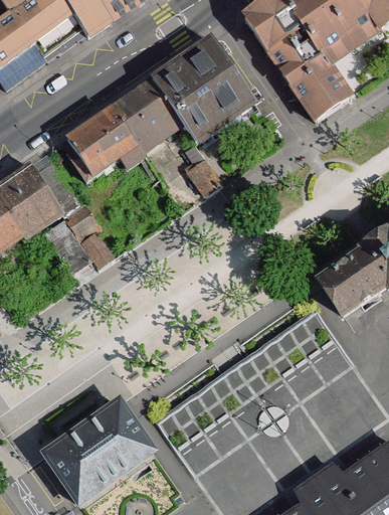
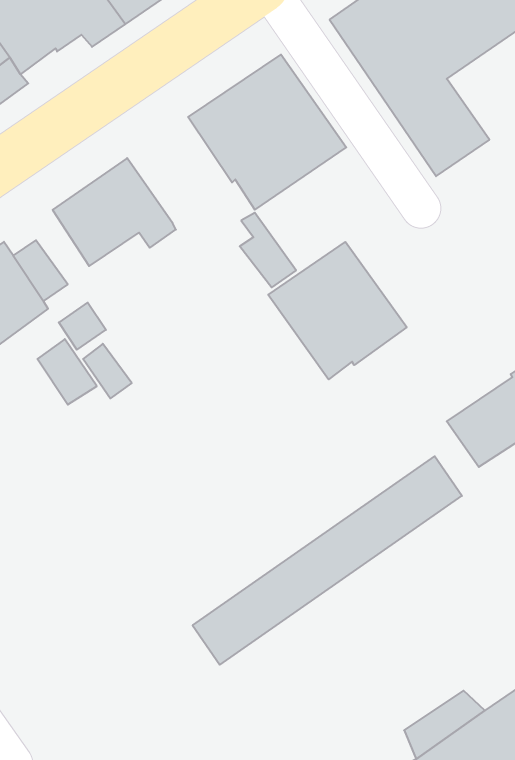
building: [111,82,180,153] -> none
building: none -> [268,242,407,379]
building: [44,403,152,502] -> none

